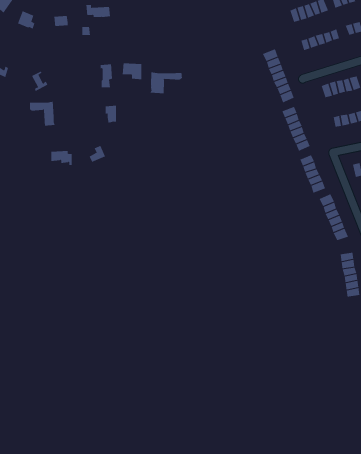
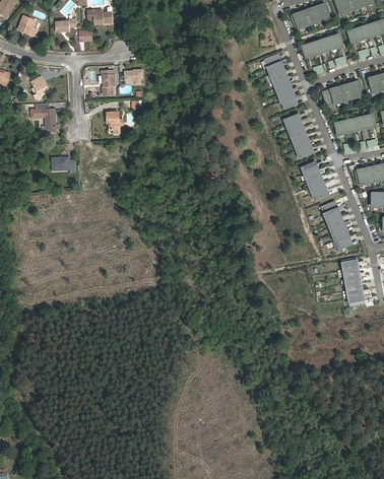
building: [150,72,182,94] -> none

